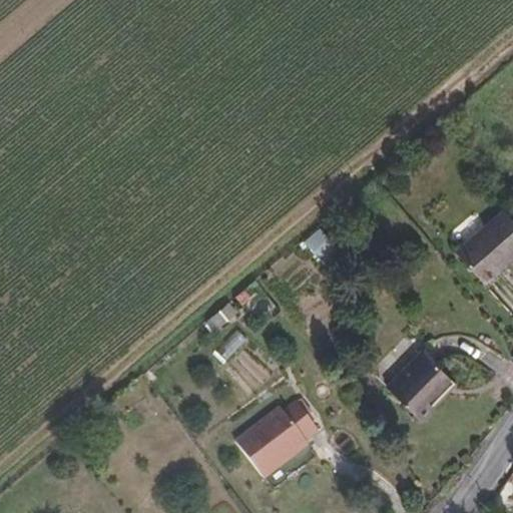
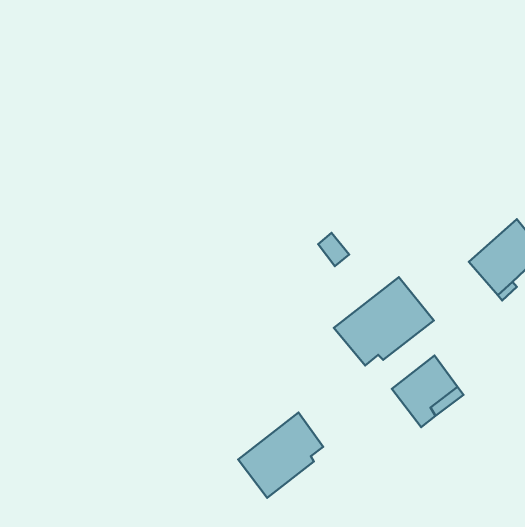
building: none -> [334,277,434,366]

